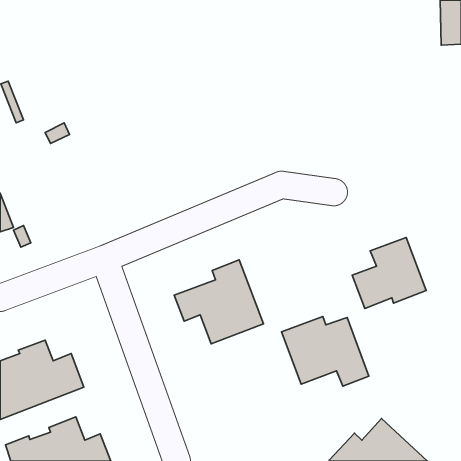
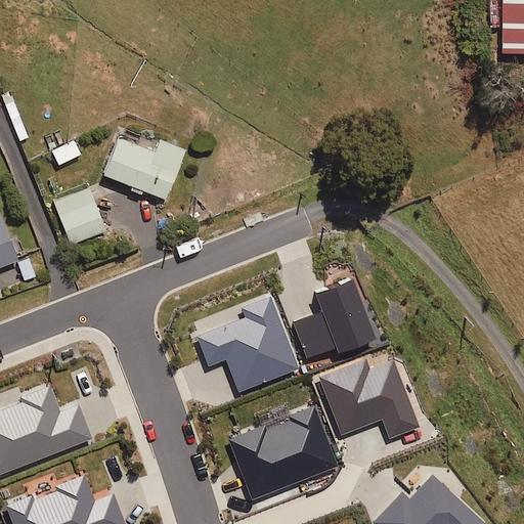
building: none -> [100,135,182,196]
building: none -> [53,186,103,243]
building: [352,237,426,309] -> [293,278,377,359]
building: none -> [227,403,341,501]

